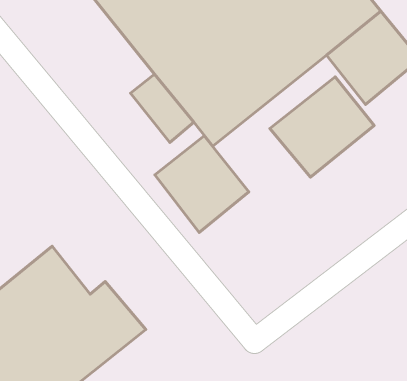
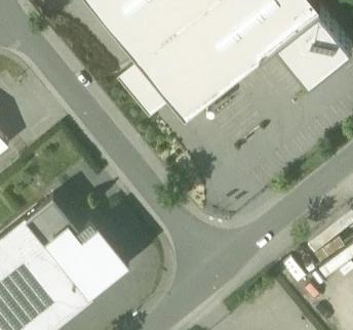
building: [270,77,374,177] -> none
building: [155,136,249,233] -> none

